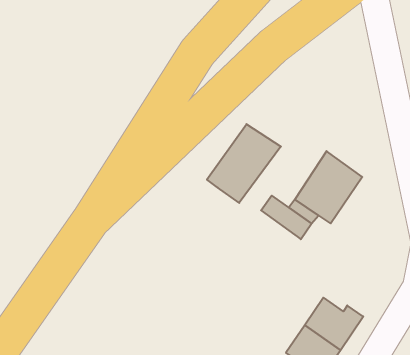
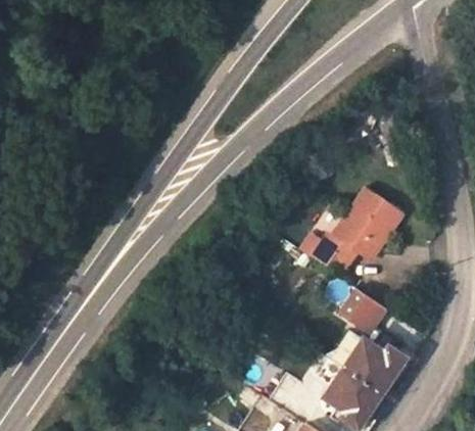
building: [207,124,281,203] -> none
building: none -> [341,288,383,329]

